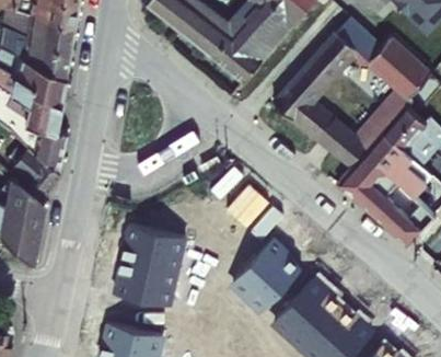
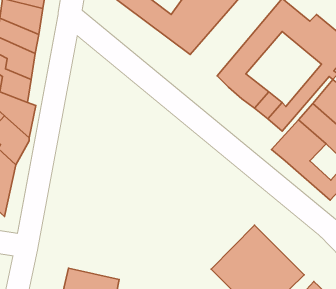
building: [114,228,186,307] -> none
building: [228,239,303,314] -> none

